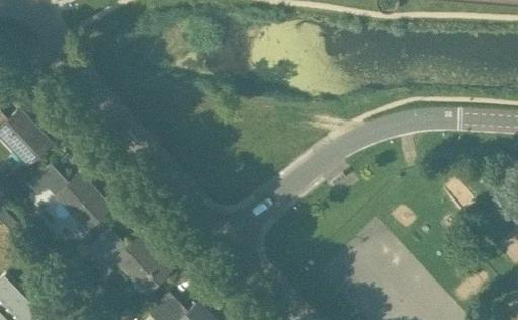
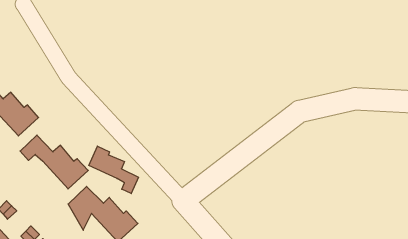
building: none -> [89,146,139,194]

